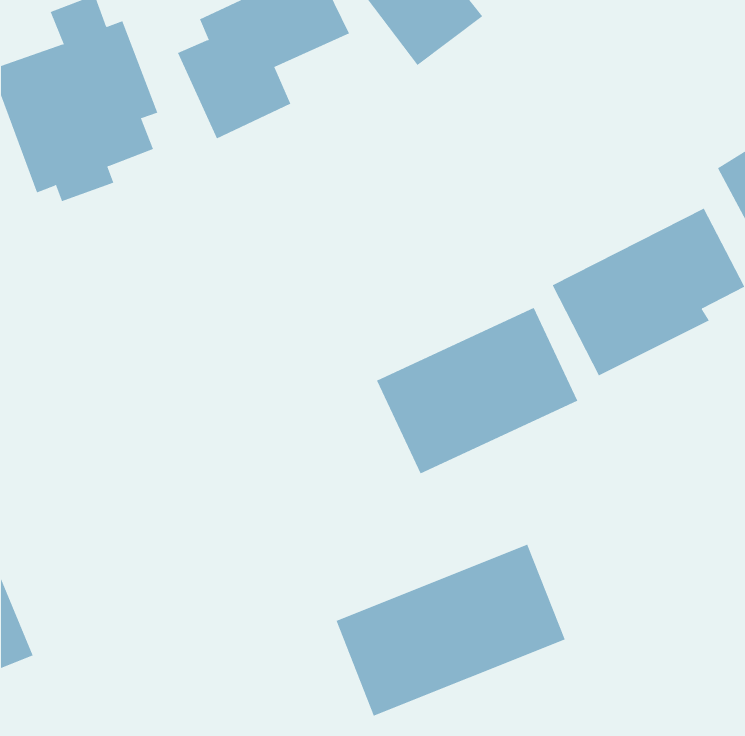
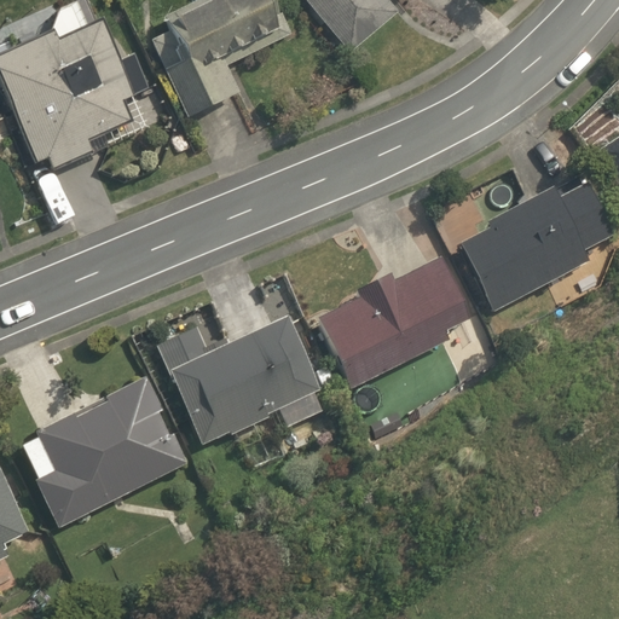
building: none -> [154,317,323,440]
building: none -> [22,376,189,523]
building: [336,544,565,717] -> none

